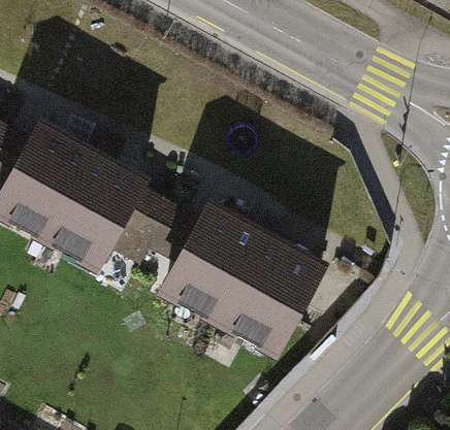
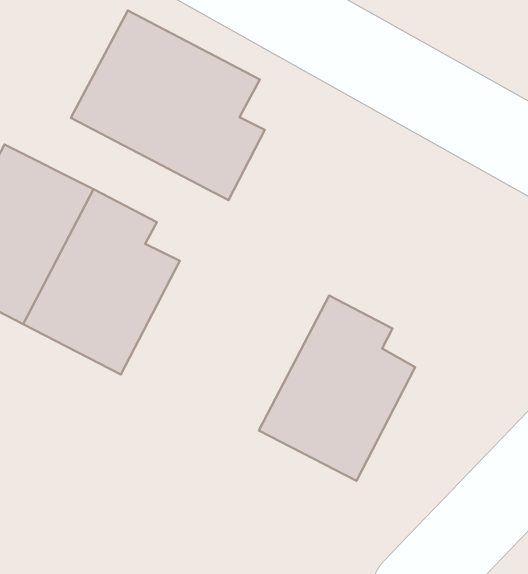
building: none -> [71,10,265,200]
building: [153,188,266,318] -> none

